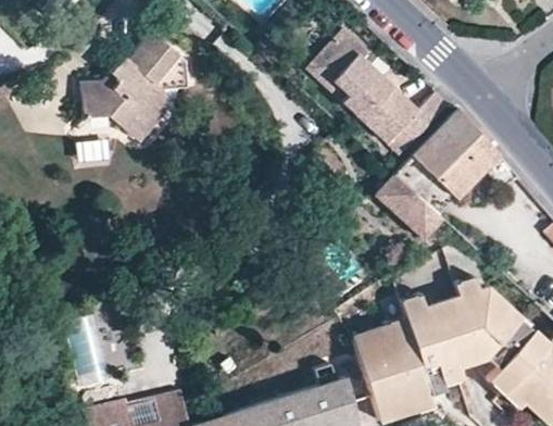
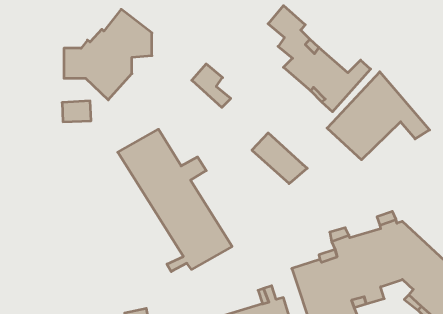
building: [307,49,354,101] -> [192,64,231,107]
building: [376,174,442,235] -> [252,133,307,184]
building: none -> [118,129,232,272]

